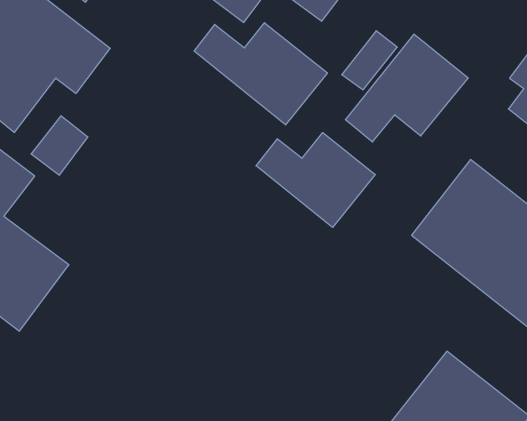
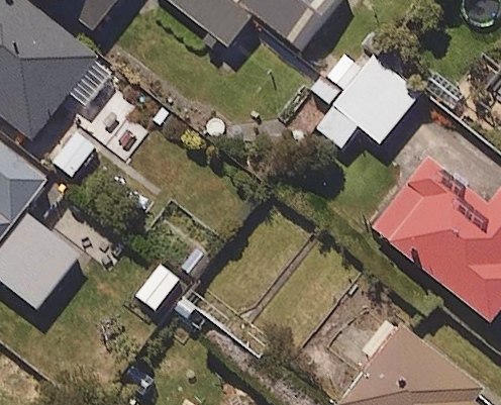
building: [194,23,327,125] -> none
building: [256,133,375,227] -> none

